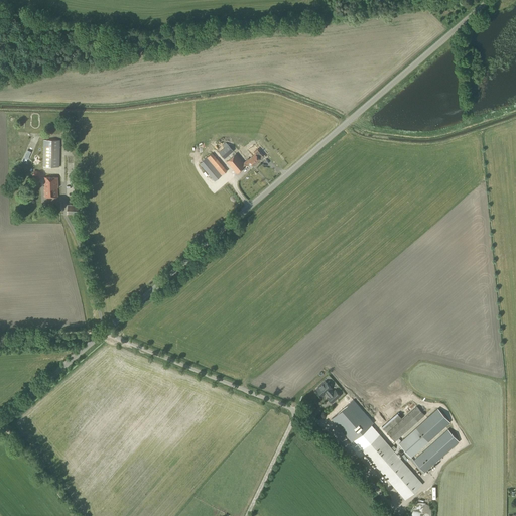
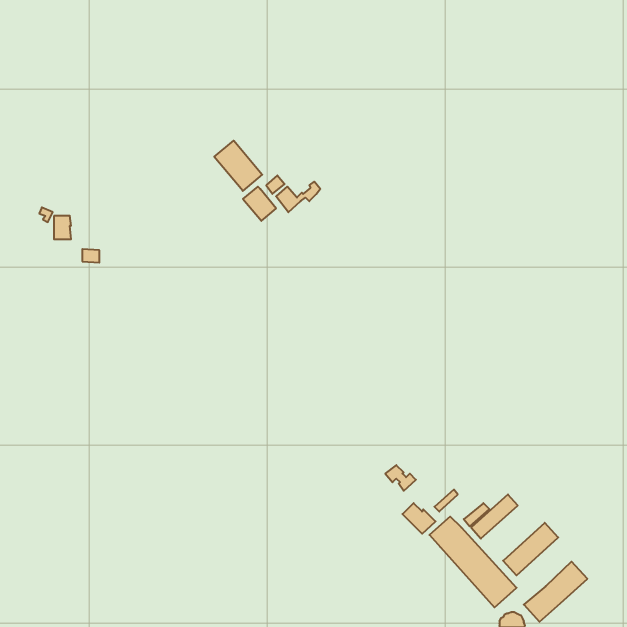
building: none -> [214,141,262,191]
building: [43,140,60,167] -> none
building: [398,408,450,458] -> [524,562,587,622]

